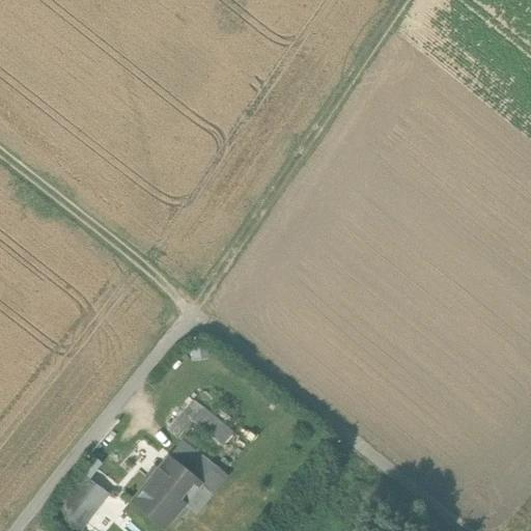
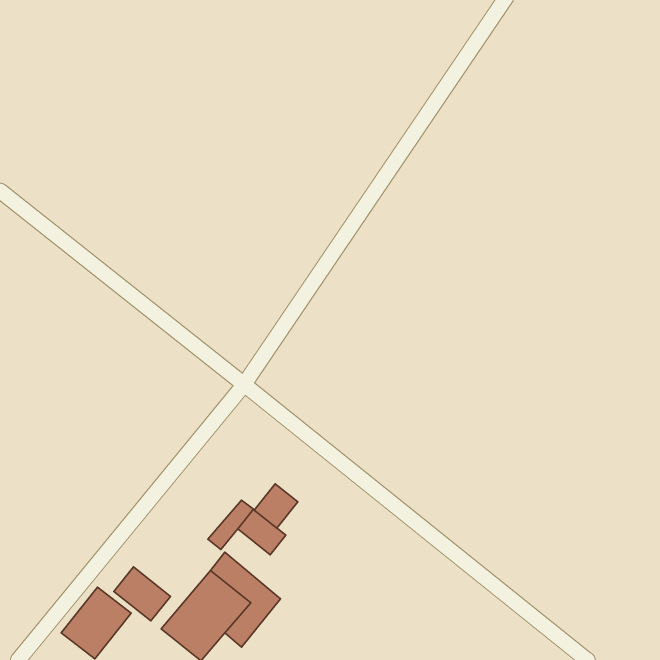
building: none -> [254,484,298,528]
building: none -> [114,567,170,621]

